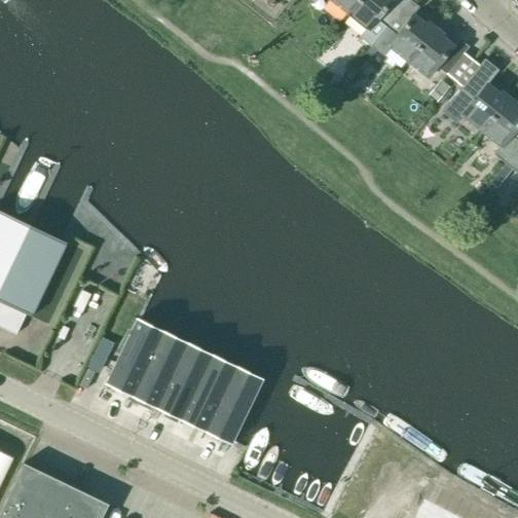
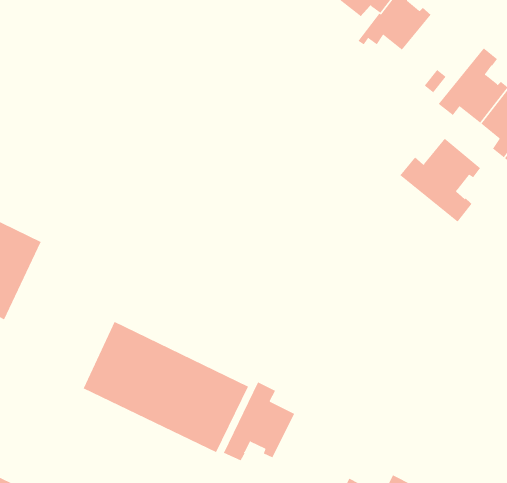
building: [408,29,469,78] -> none
building: none -> [399,138,481,222]
building: none -> [223,382,295,461]

